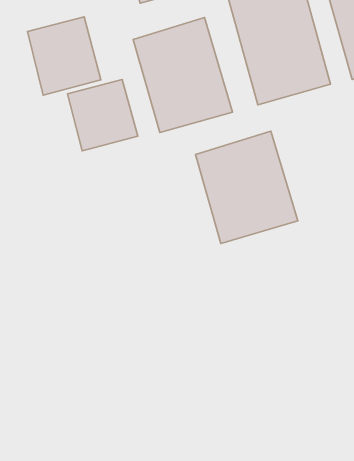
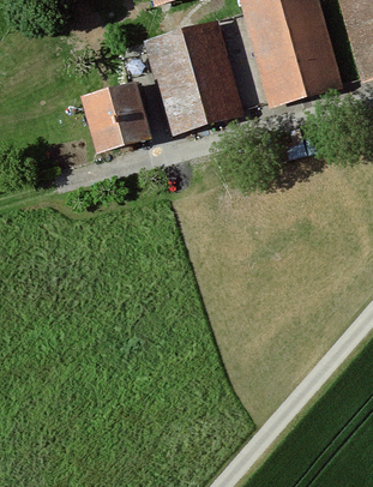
building: [27,17,101,95] -> none
building: [195,131,298,243] -> none

